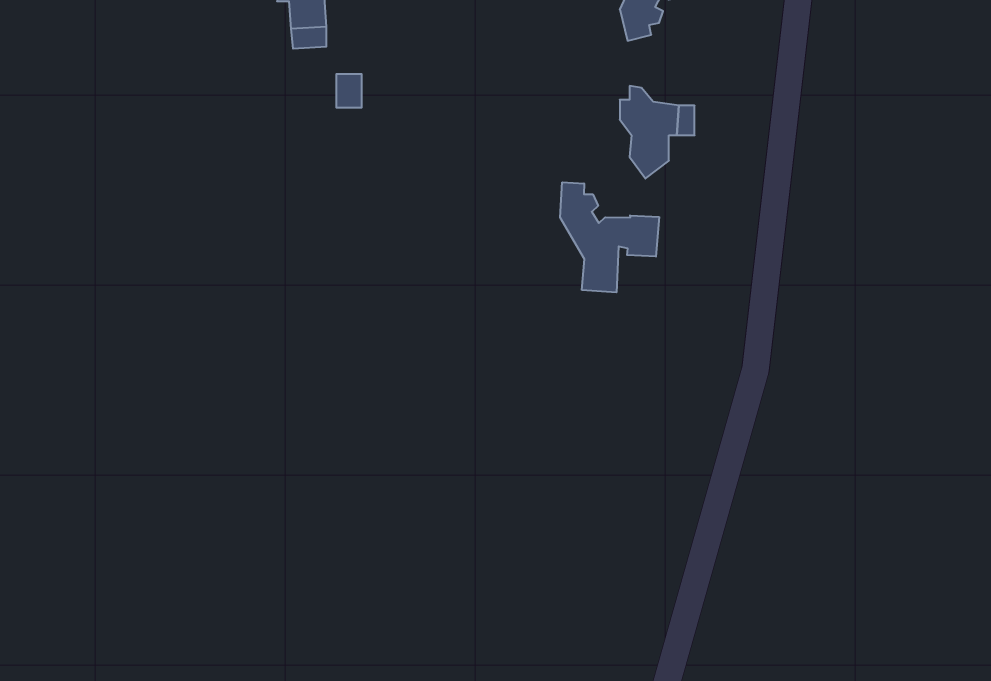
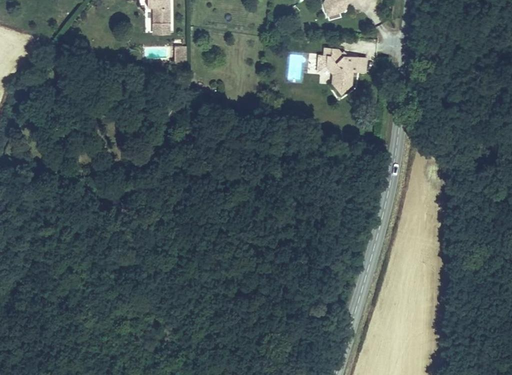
building: [560,182,659,292] -> none

